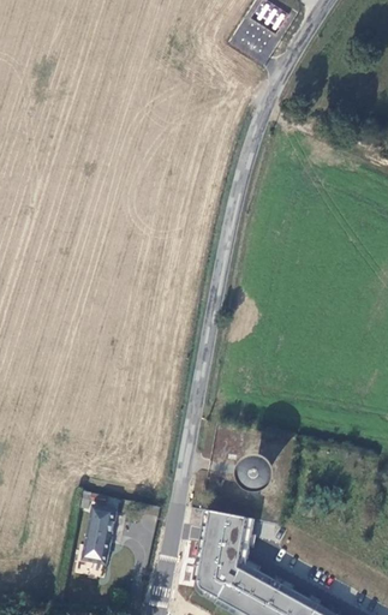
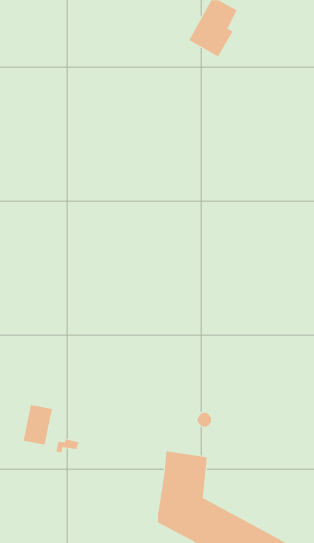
building: [84,509,118,555] -> [23,405,53,445]

